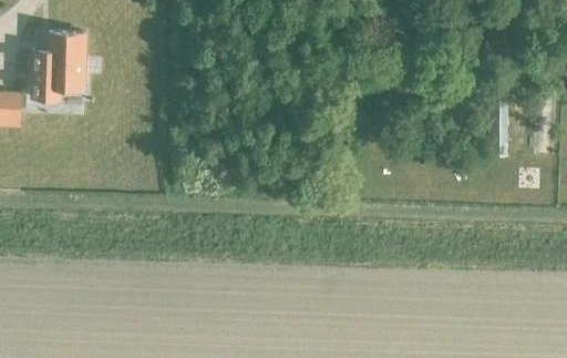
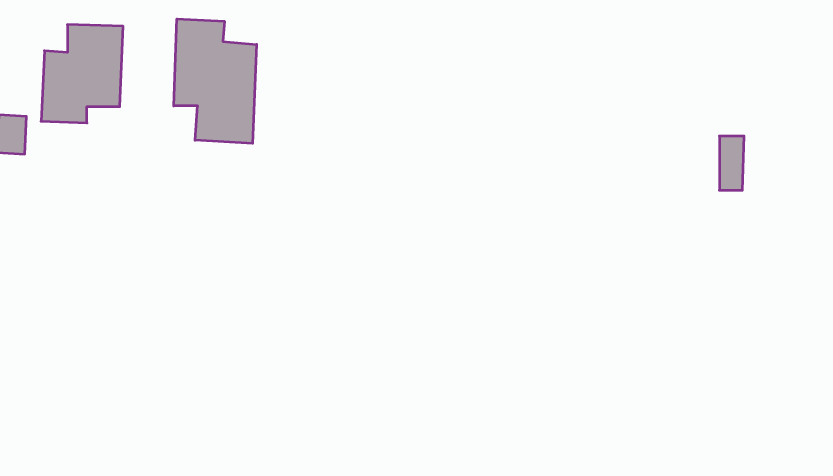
building: none -> [174,19,257,143]

